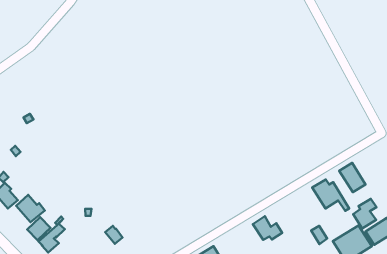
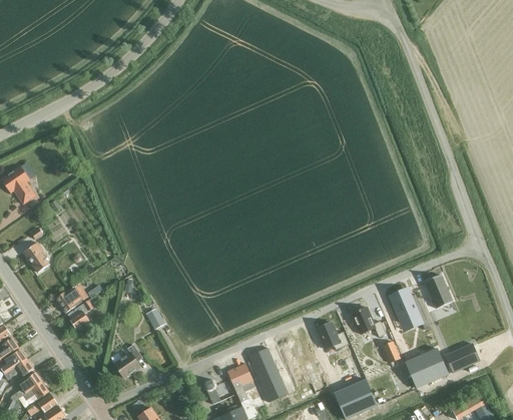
building: [16,195,45,222] -> none
building: [353,199,376,229] -> none
building: none -> [351,307,385,337]

